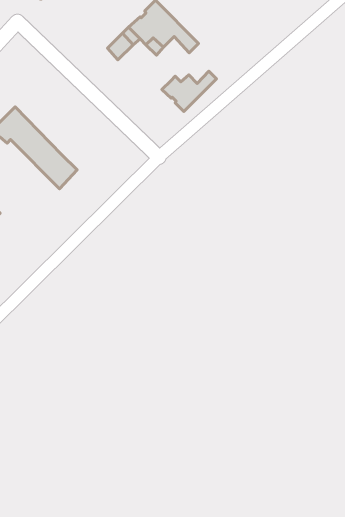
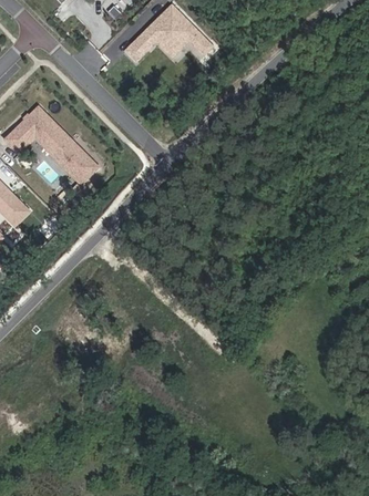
building: [162,71,216,111] -> none

